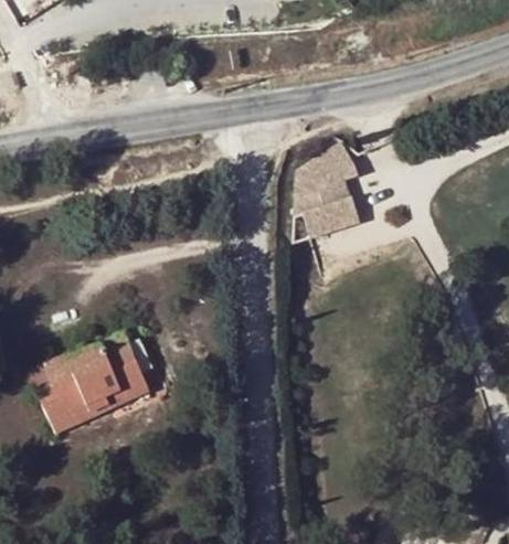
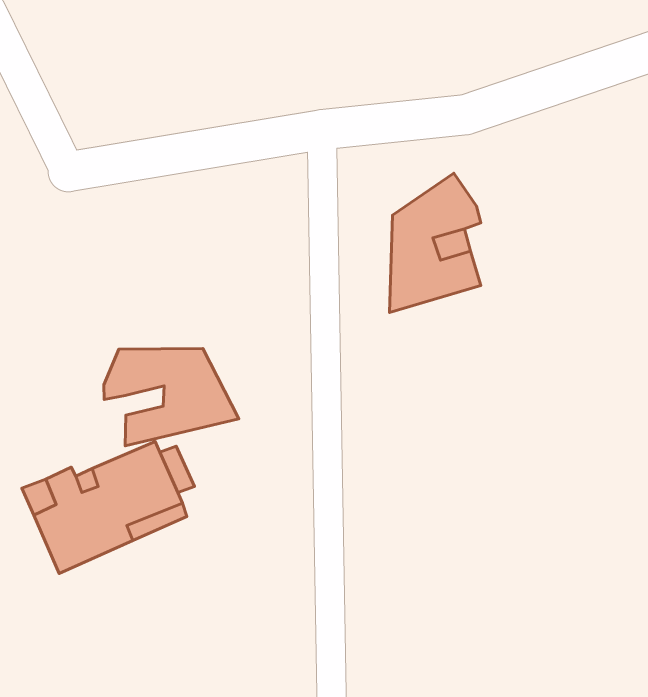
building: none -> [104,348,239,446]

